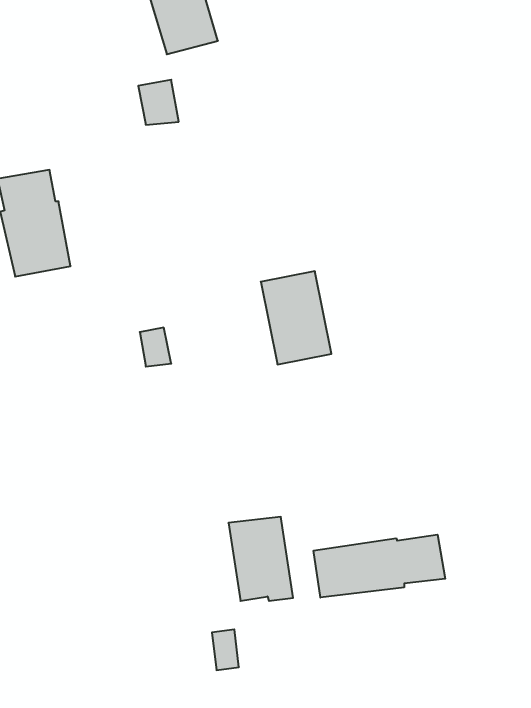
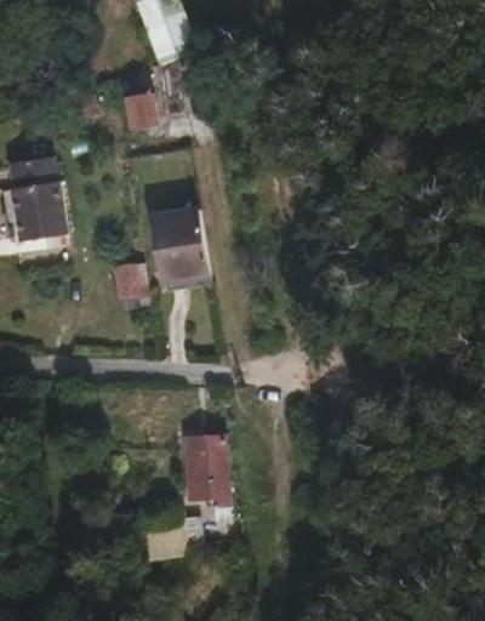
building: [261,271,331,364] -> [149,200,206,275]
building: [314,535,445,598] -> none

